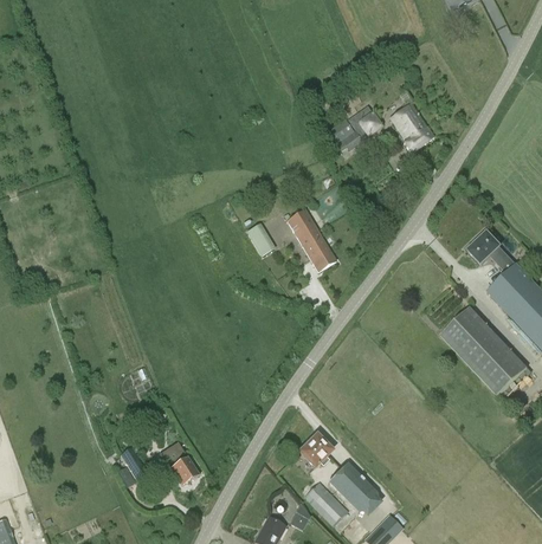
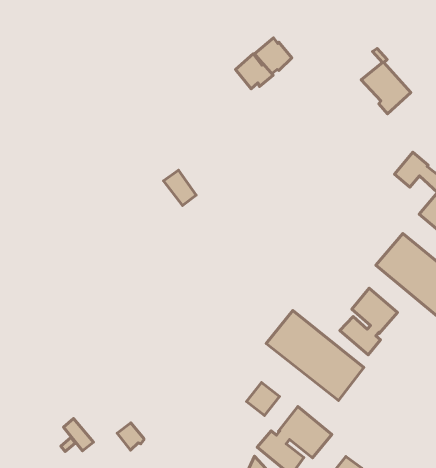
building: [388,89,434,153] -> [361,48,411,114]
building: [286,209,335,271] -> none
building: none -> [340,288,398,355]
building: none -> [266,311,364,400]

